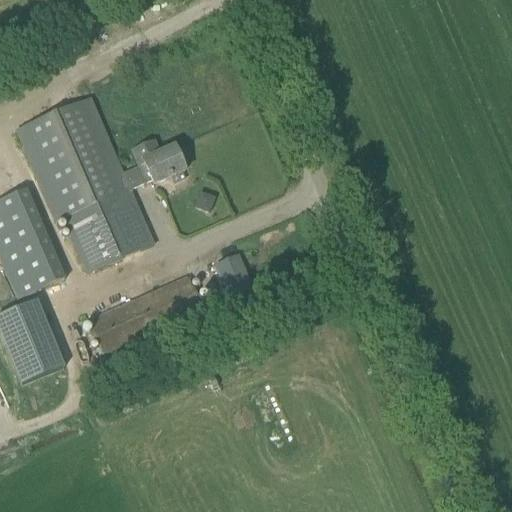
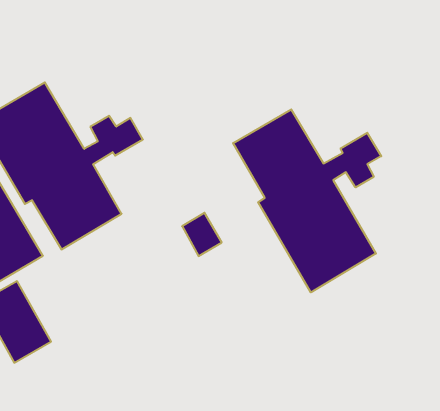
building: none -> [233,109,381,292]
building: [79,274,211,353] -> none

